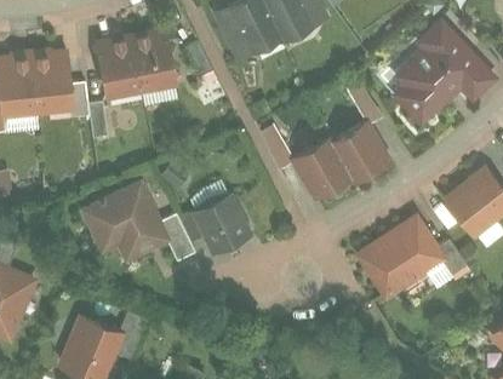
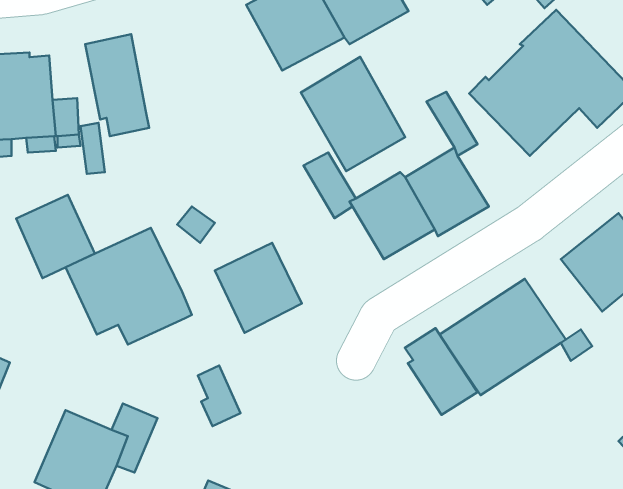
building: [127,29,173,92] -> none
building: none -> [301,57,405,171]
building: none -> [16,195,95,278]
building: [165,218,196,263] -> [198,365,241,426]
building: none -> [405,328,478,415]

